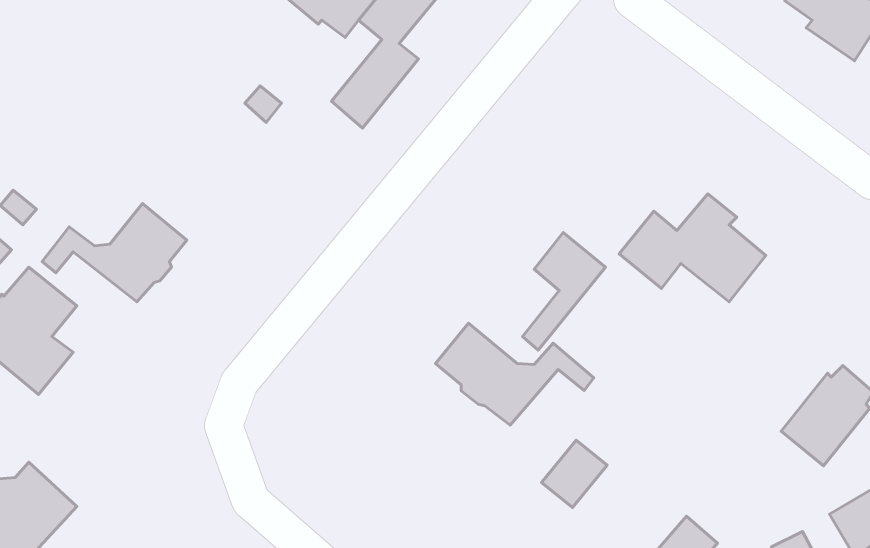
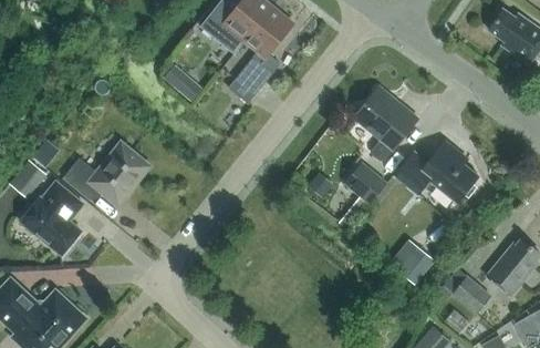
building: none -> [354,86,417,160]
building: [435,323,594,425] -> none
building: none -> [453,276,490,314]
building: [542,440,607,508] -> [397,245,435,284]

